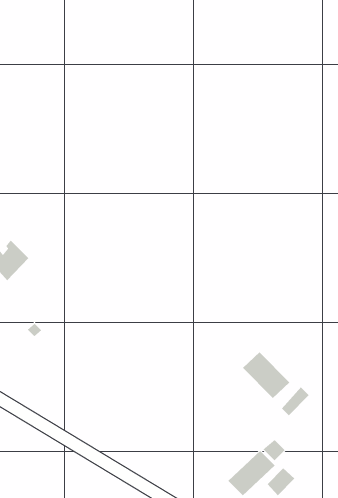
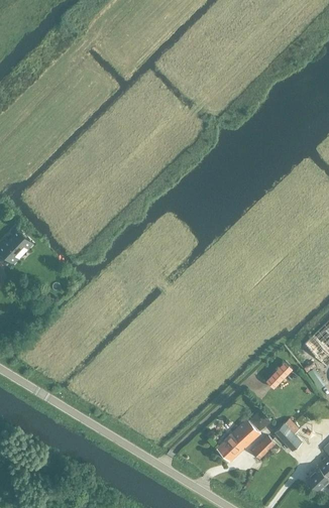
building: [242,352,290,399] -> none
building: none -> [273,419,309,460]

